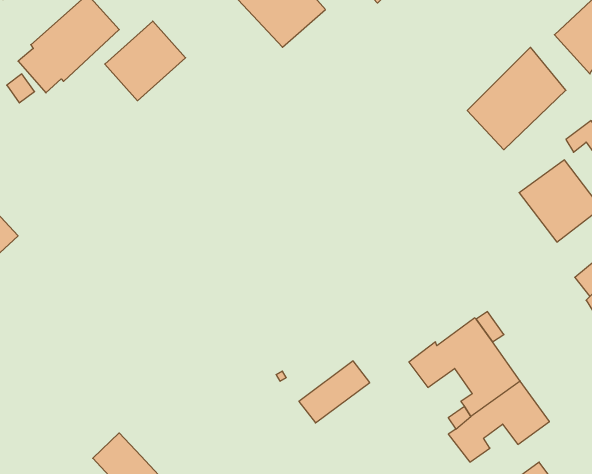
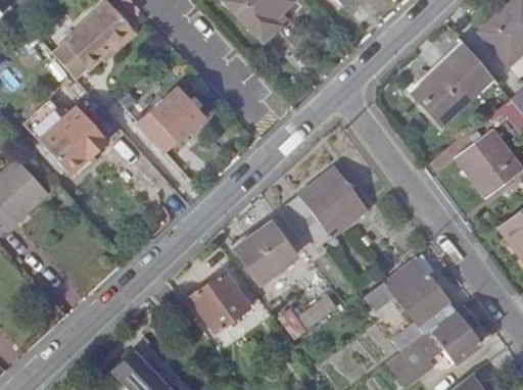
building: [105,21,186,101] -> [139,88,204,152]
building: none -> [42,107,109,178]
building: none -> [284,164,373,246]
building: none -> [238,221,299,279]
building: none -> [192,270,250,330]

